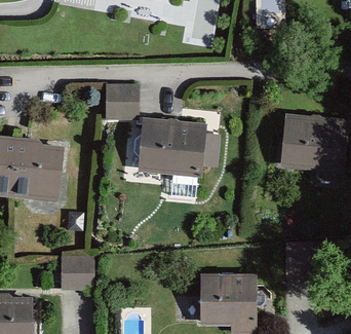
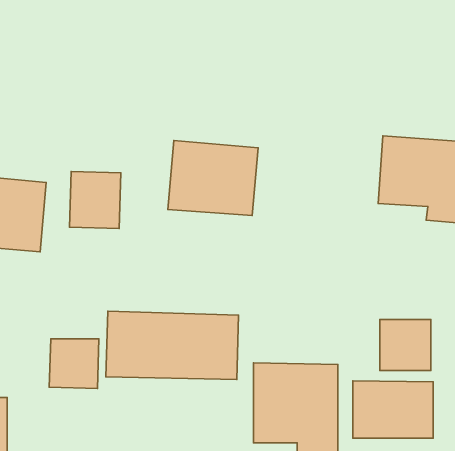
building: [106,79,141,118] -> [70,171,121,229]
building: none -> [106,311,239,379]
building: none -> [353,381,433,438]

